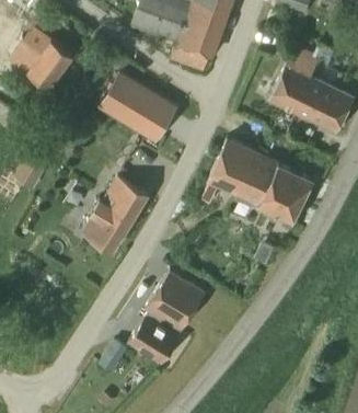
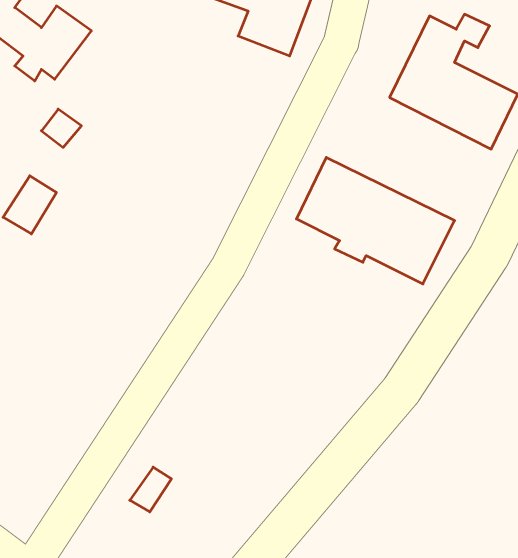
building: [112,82,186,146] -> none
building: [84,177,148,251] -> none
building: [129,269,207,362] -> none

